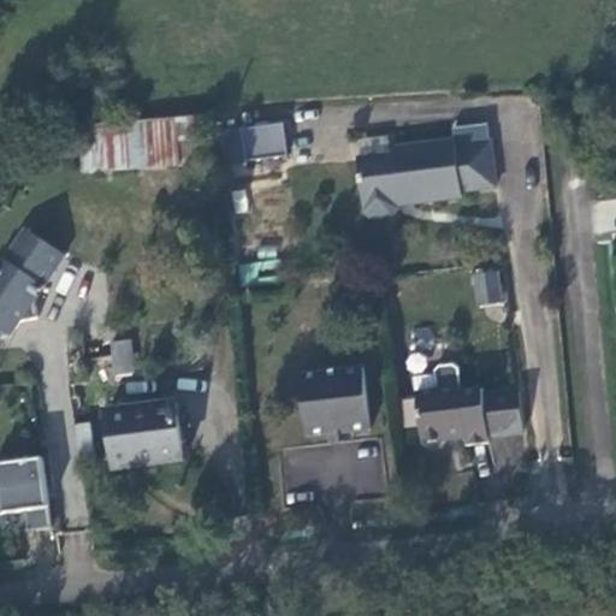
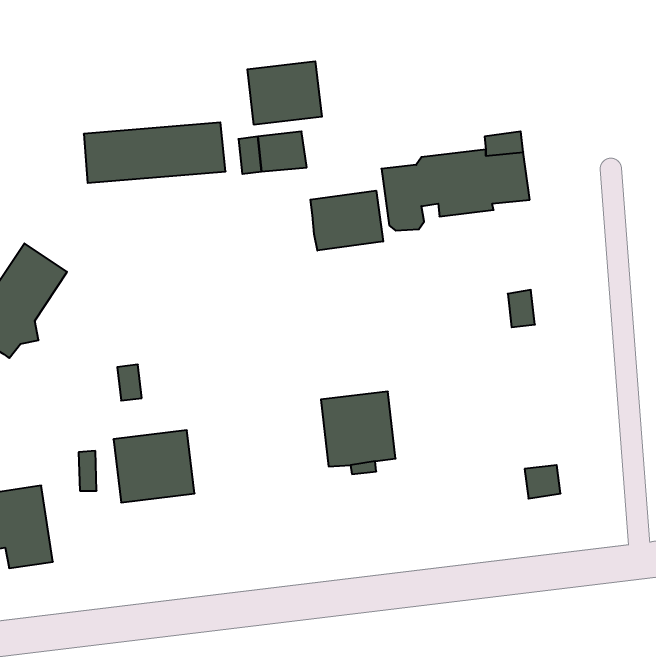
building: none -> [247,61,322,125]
building: none -> [310,191,383,251]
building: [415,363,522,446] -> none

